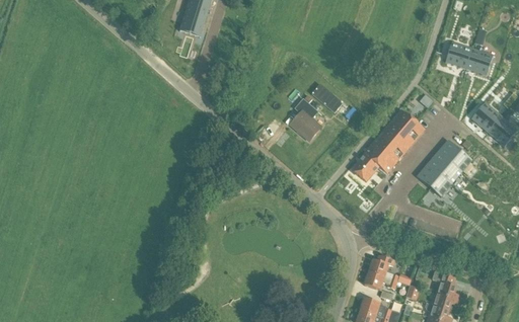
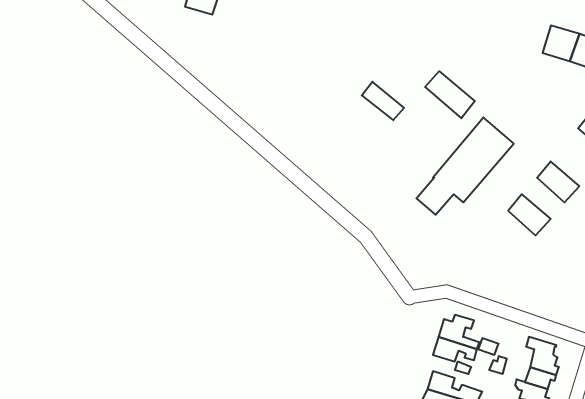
building: none -> [425,71,475,118]
building: [289,99,320,141] -> none
building: [429,155,460,185] -> none

